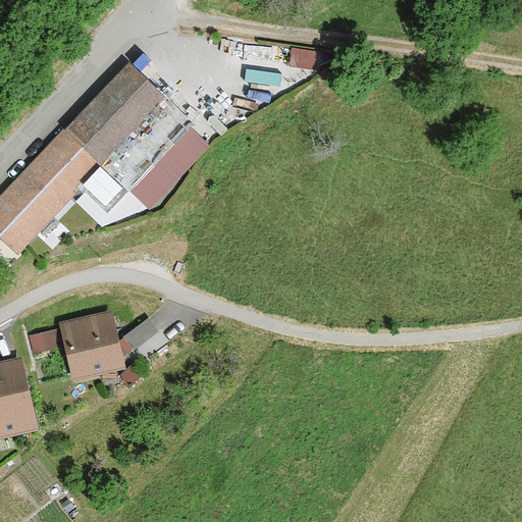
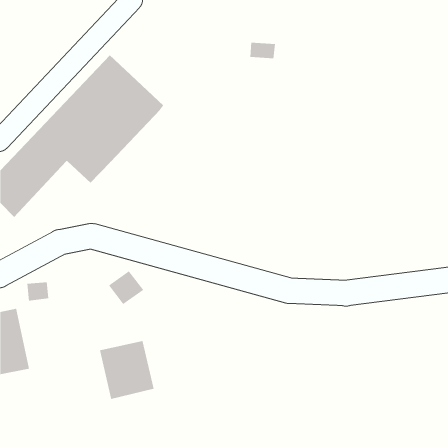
building: [128,129,206,209] -> none
building: [60,313,124,381] -> [99,341,155,399]

